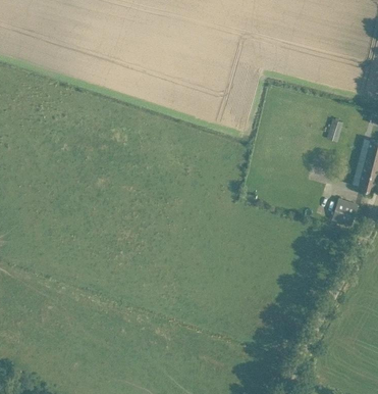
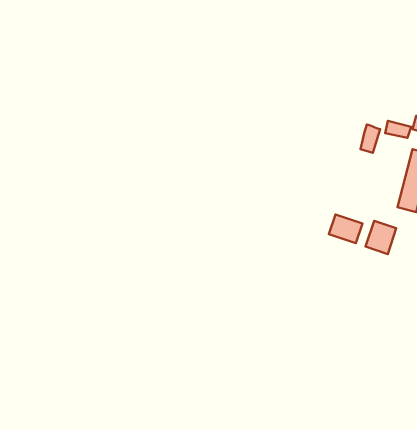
building: none -> [329,215,362,243]

